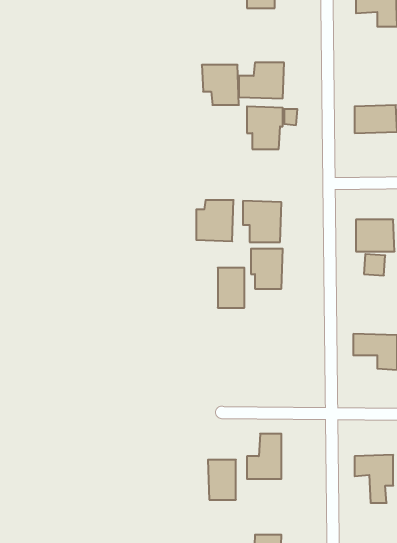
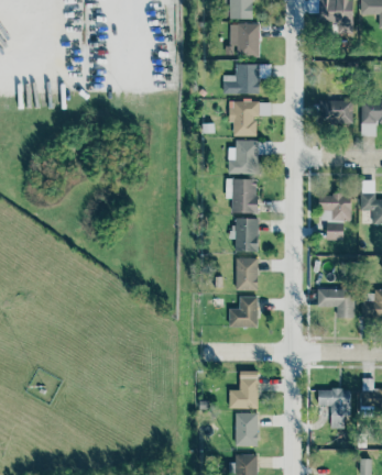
building: [202,65,239,105] -> [229,23,260,56]
building: [196,200,234,241] -> [228,140,259,174]
building: [218,268,244,308] -> [236,257,258,290]
building: none -> [229,297,258,327]
building: [208,460,236,500] -> [234,412,258,445]

